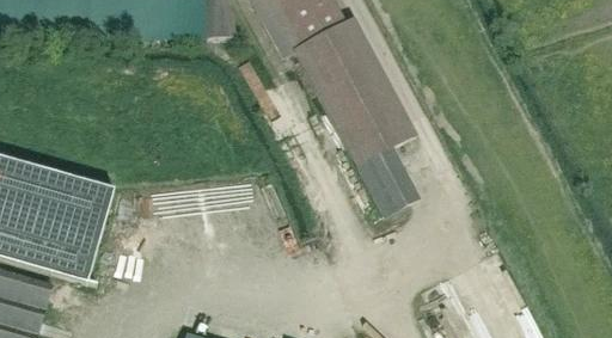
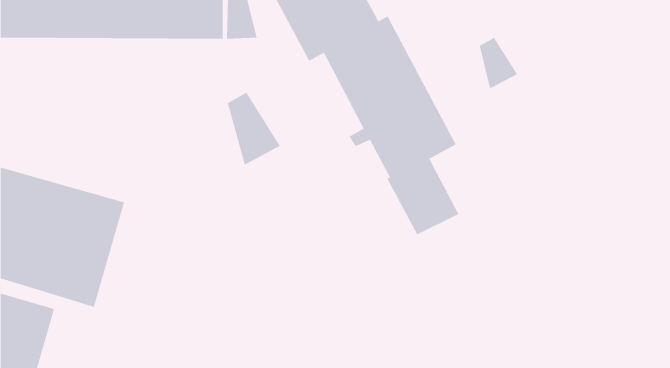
building: none -> [479,37,518,89]
building: none -> [227,92,281,165]

